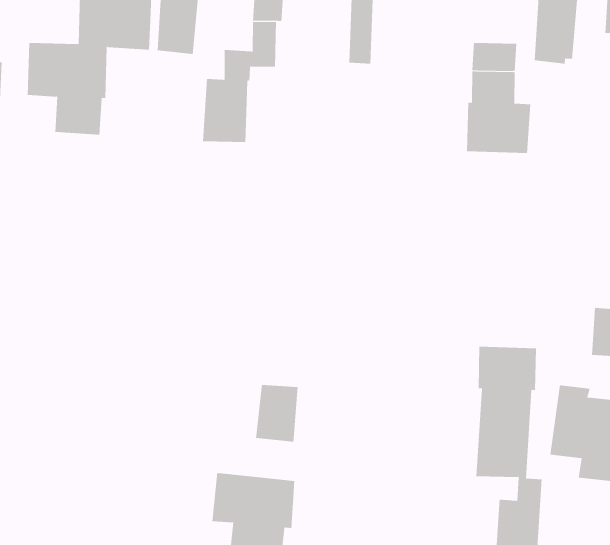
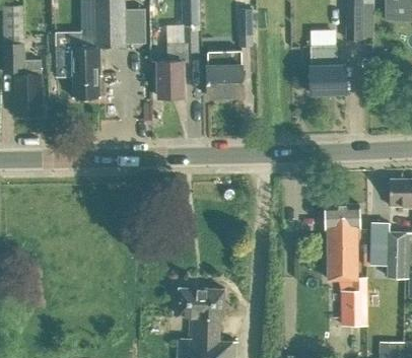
building: none -> [206,51,243,96]
building: [255,384,298,443] -> none

